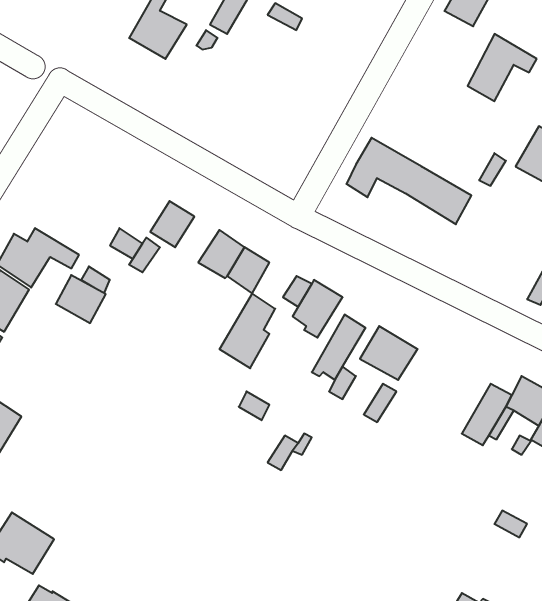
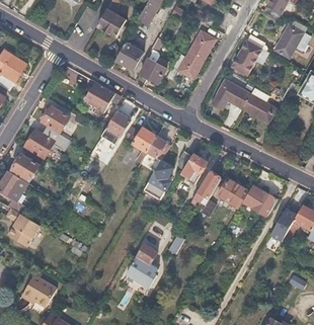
building: none -> [172,29,216,79]
building: none -> [232,33,264,74]
building: none -> [140,36,167,84]
building: none -> [114,42,143,69]
building: none -> [87,81,116,112]
building: [56,275,106,323] -> [43,106,69,132]
building: none -> [243,183,278,216]
building: none -> [128,243,158,280]

